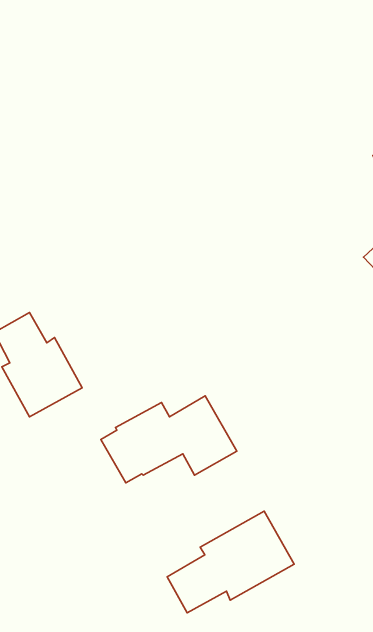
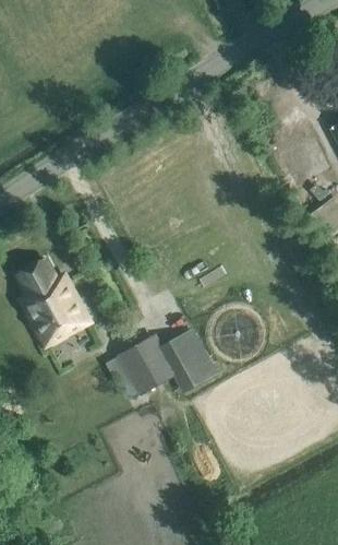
building: [167,511,294,613] -> none

